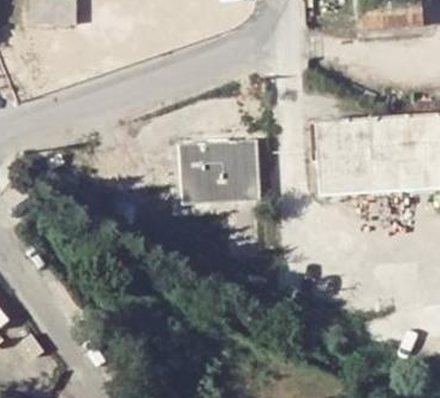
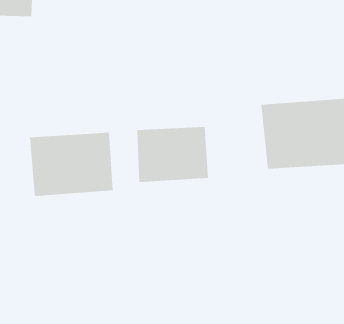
building: none -> [29,132,113,197]

